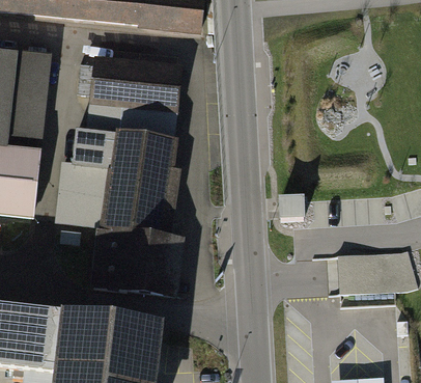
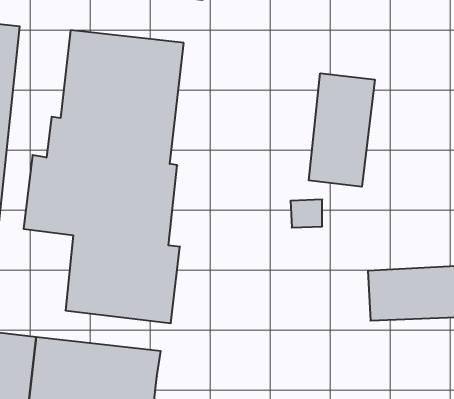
building: none -> [309,73,375,187]

